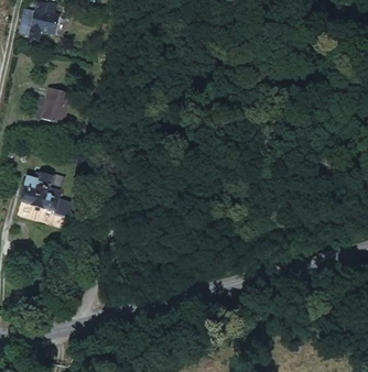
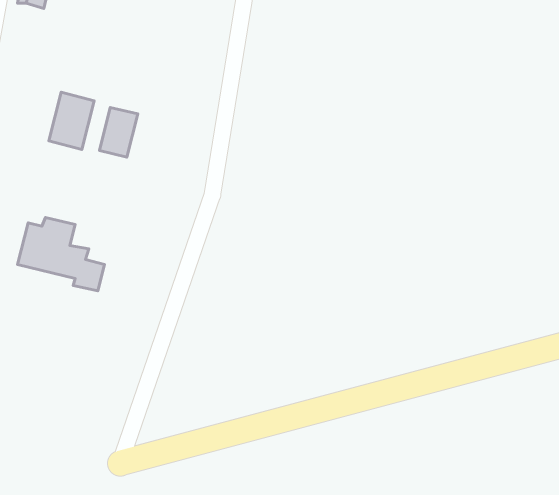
building: none -> [99,107,138,157]

